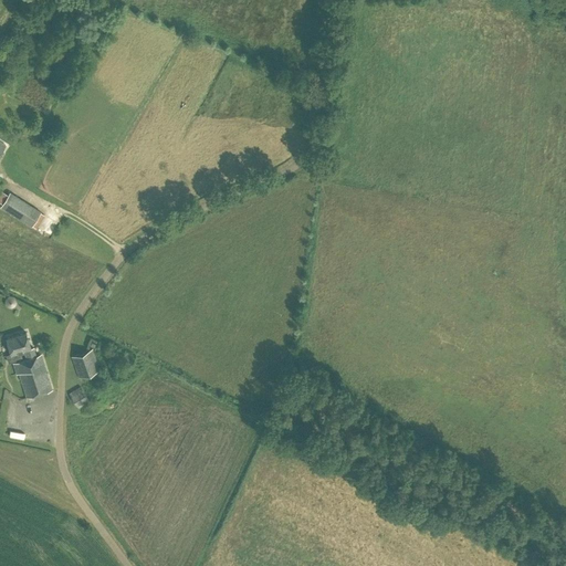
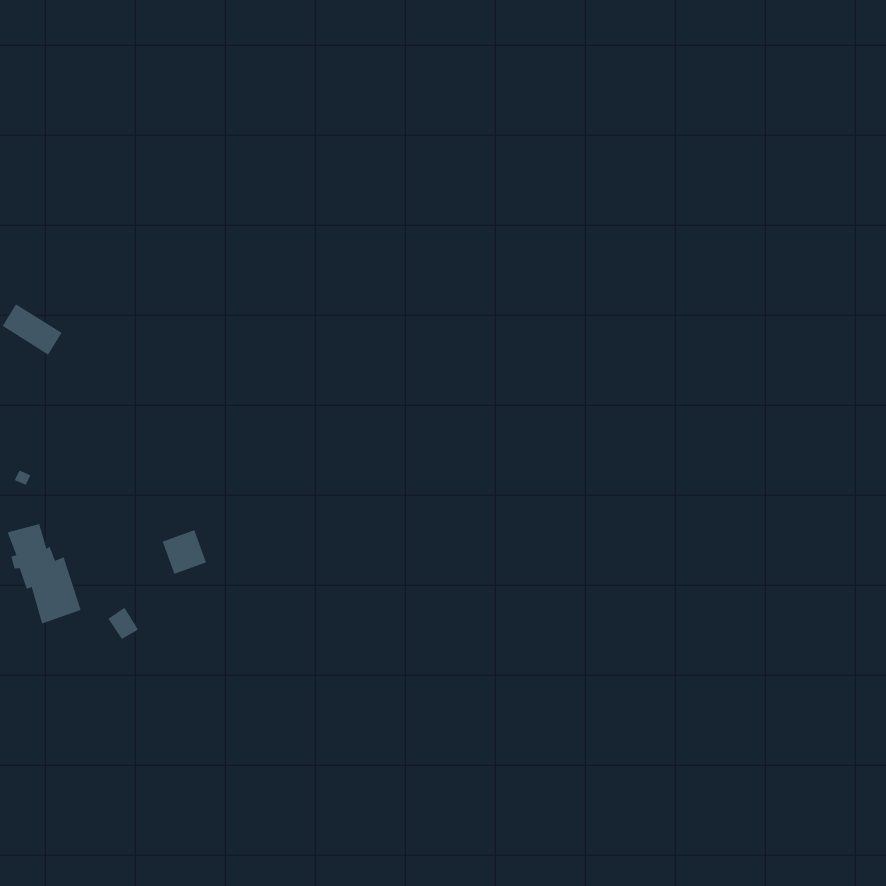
building: [71,349,99,378] -> [162,529,207,575]

